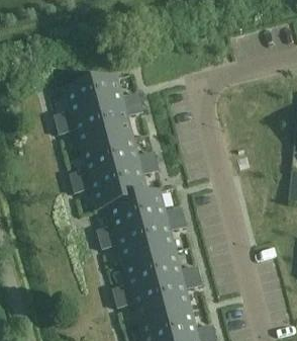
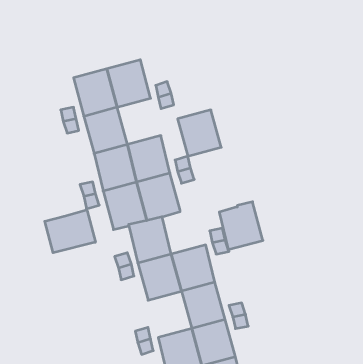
building: [98,104,132,141] -> [178,110,221,156]
building: [133,189,168,227] -> [219,202,263,249]
building: none -> [45,210,95,253]
building: [122,256,157,292] -> none

